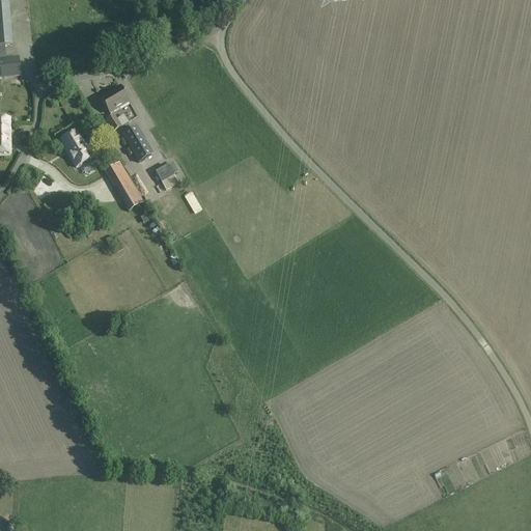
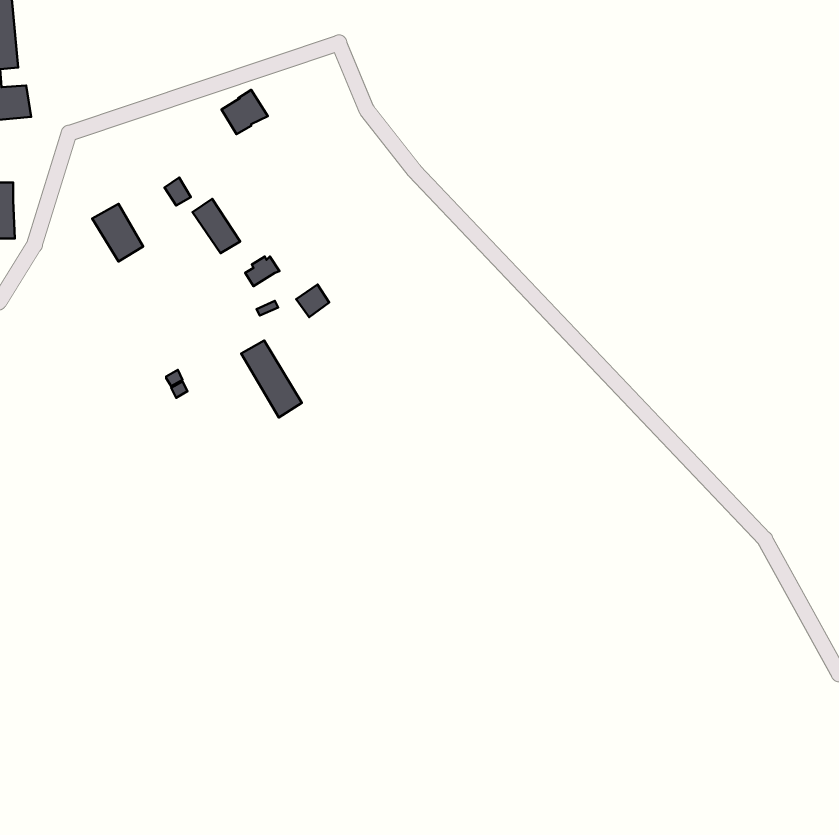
building: [100,84,129,112] -> [222,90,268,134]
building: [104,161,142,209] -> [241,340,302,418]

